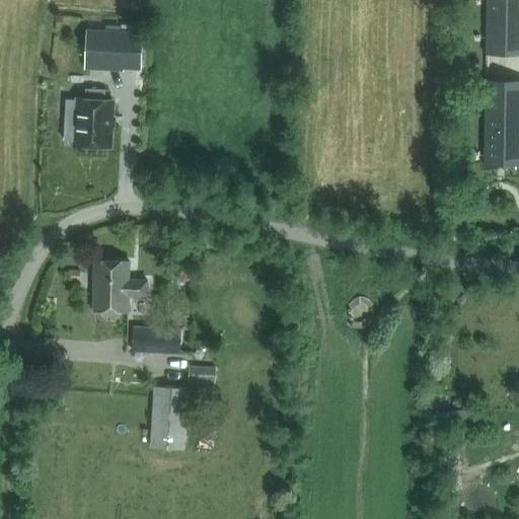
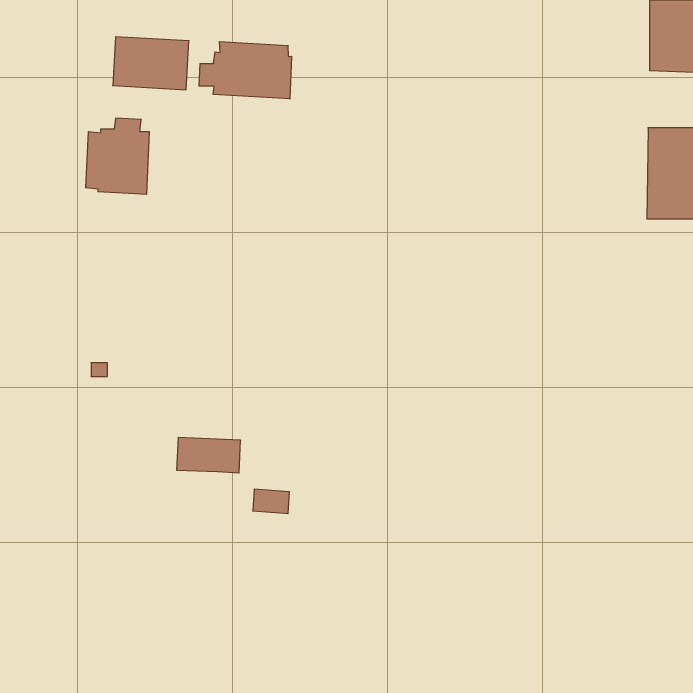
building: none -> [199,42,292,99]
building: [92,258,147,310] -> none
building: [151,386,190,451] -> none

